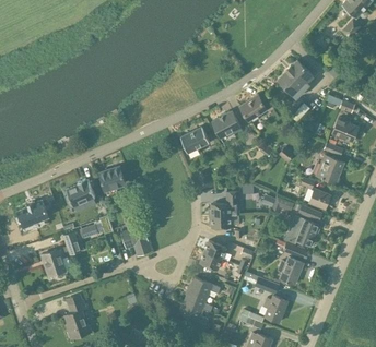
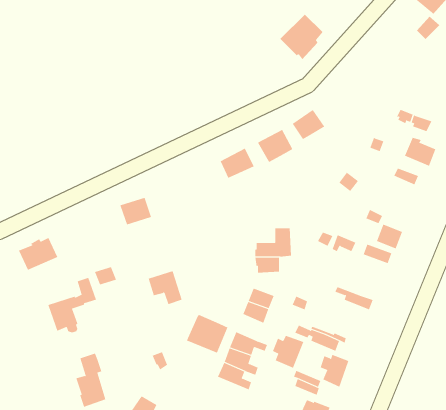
building: [278,61,314,99] -> [279,14,323,60]
building: [315,154,344,183] -> none
building: [66,179,95,206] -> none
building: [286,216,320,247] -> none
building: [278,258,304,285] -> [272,335,304,368]
building: none -> [186,314,228,353]

